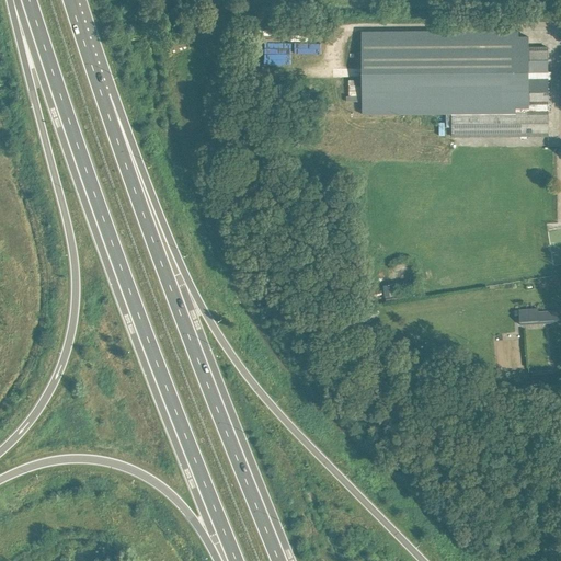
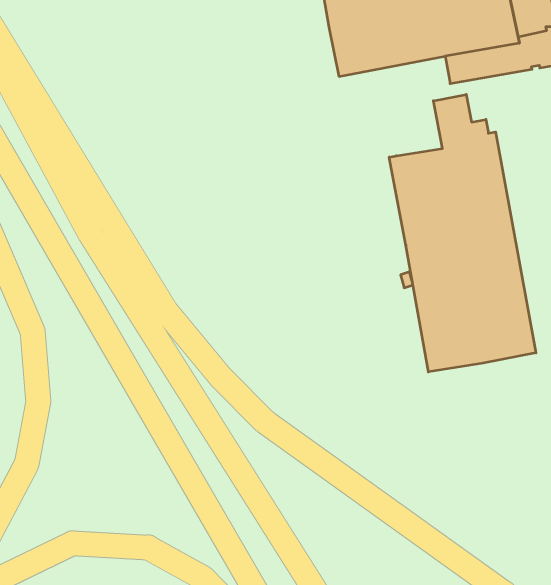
building: none -> [389,94,536,372]

